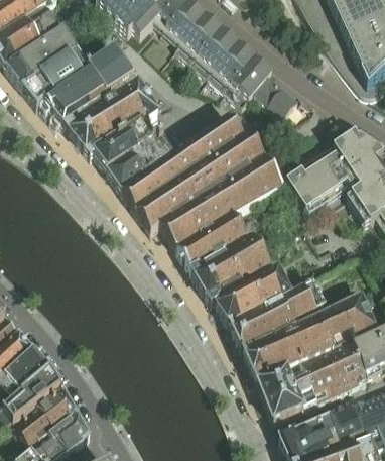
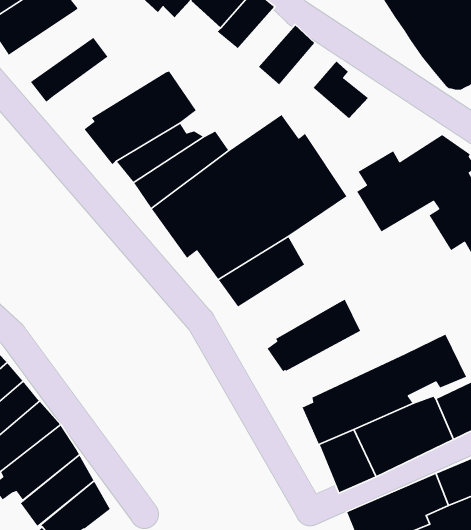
building: [194,25,240,74] -> none
building: [8,28,77,86] -> none
building: [44,48,135,123] -> none
building: [227,54,273,104] -> none
building: [194,231,273,300] -> none
building: [232,273,329,345] -> none

